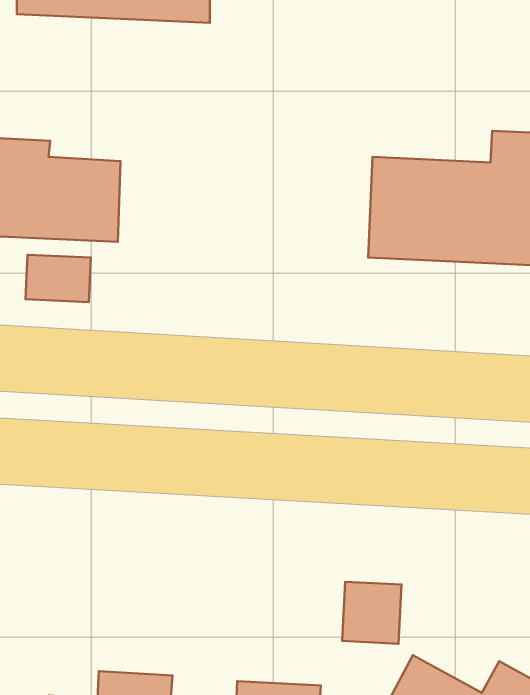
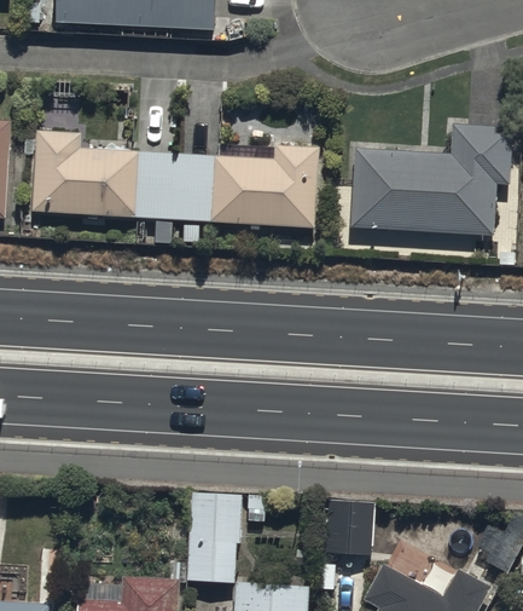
building: none -> [136,144,316,243]
building: [25,255,91,302] -> none
building: none -> [188,494,238,582]

